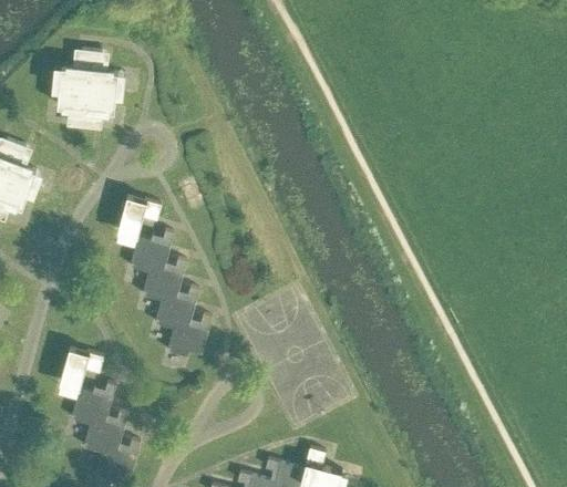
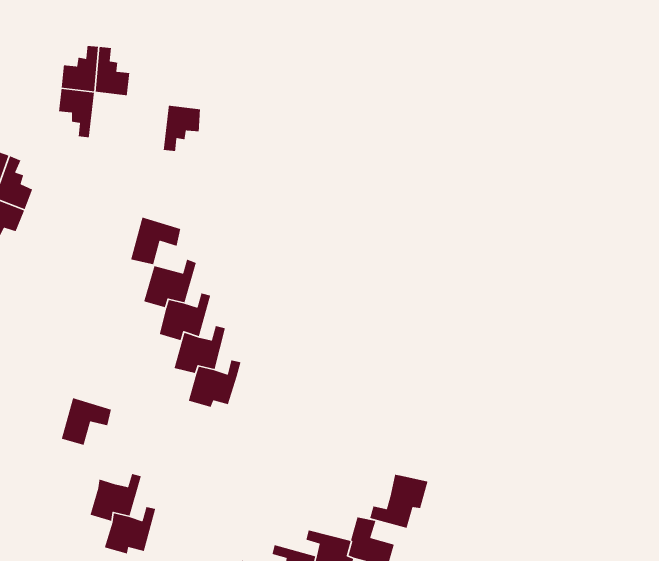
building: [83,90,115,129] -> [163,105,201,152]
building: [71,383,115,424] -> none
building: none -> [369,474,429,529]

